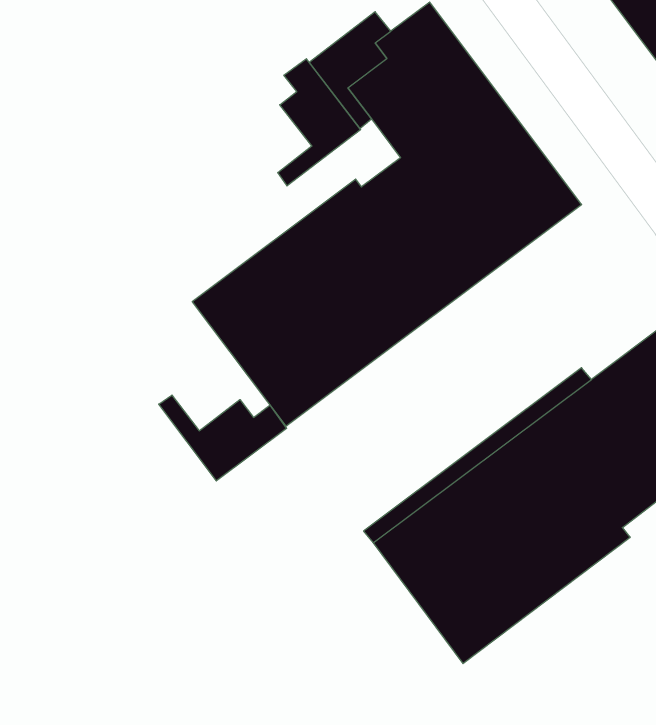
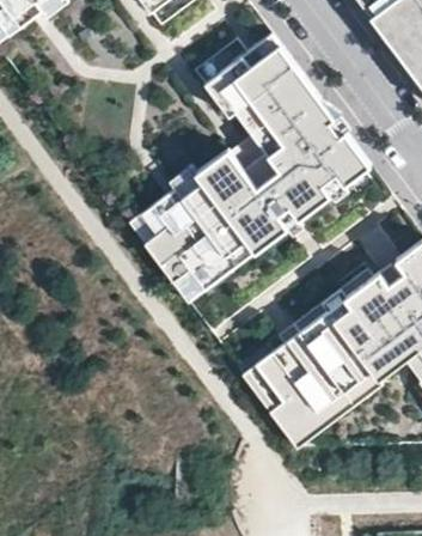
building: [278,59,361,186] -> none
building: [159,395,287,481] -> none

